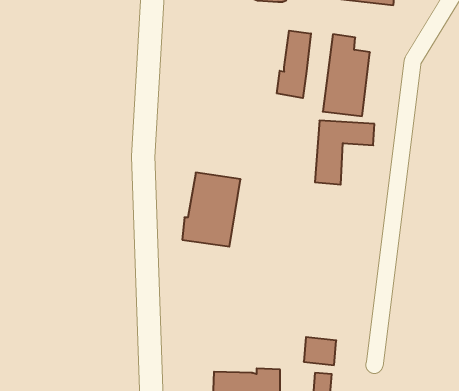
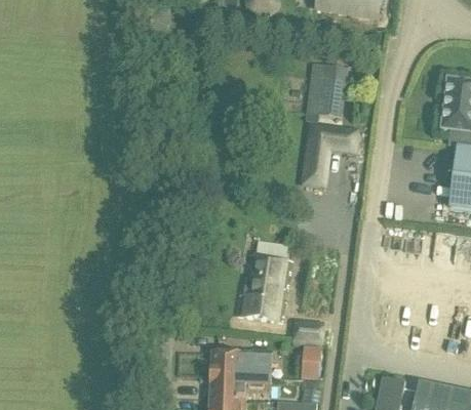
building: [277,31,311,98] -> none
building: [182,173,241,247] -> [238,251,291,319]

